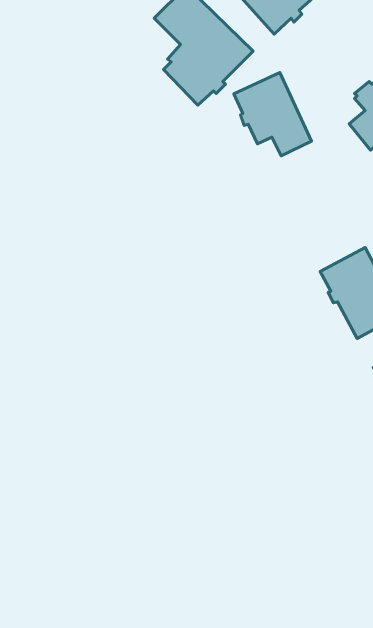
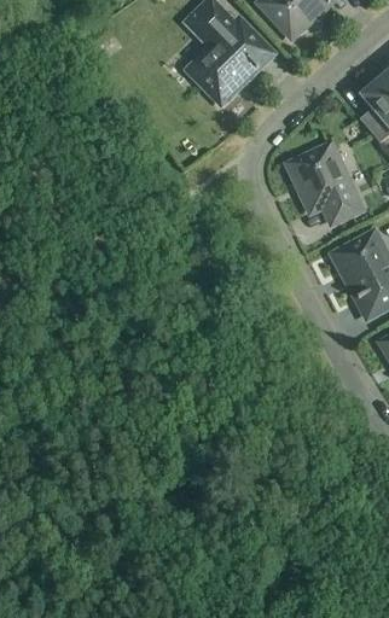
building: [234,73,312,156] -> [289,142,360,218]

